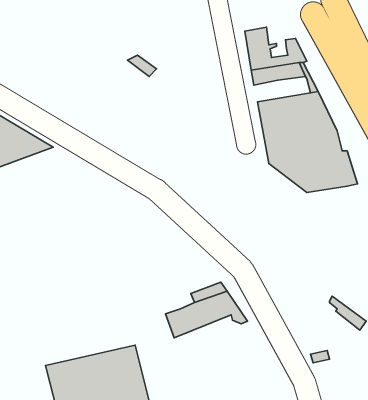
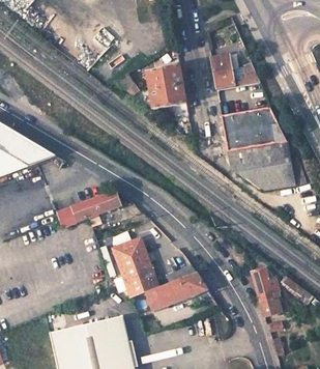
building: none -> [147,66,186,110]
building: none -> [56,191,119,228]
building: none -> [113,237,158,295]
building: none -> [251,267,281,316]

